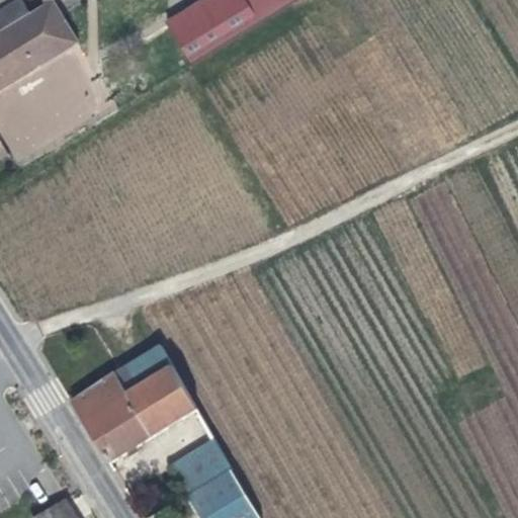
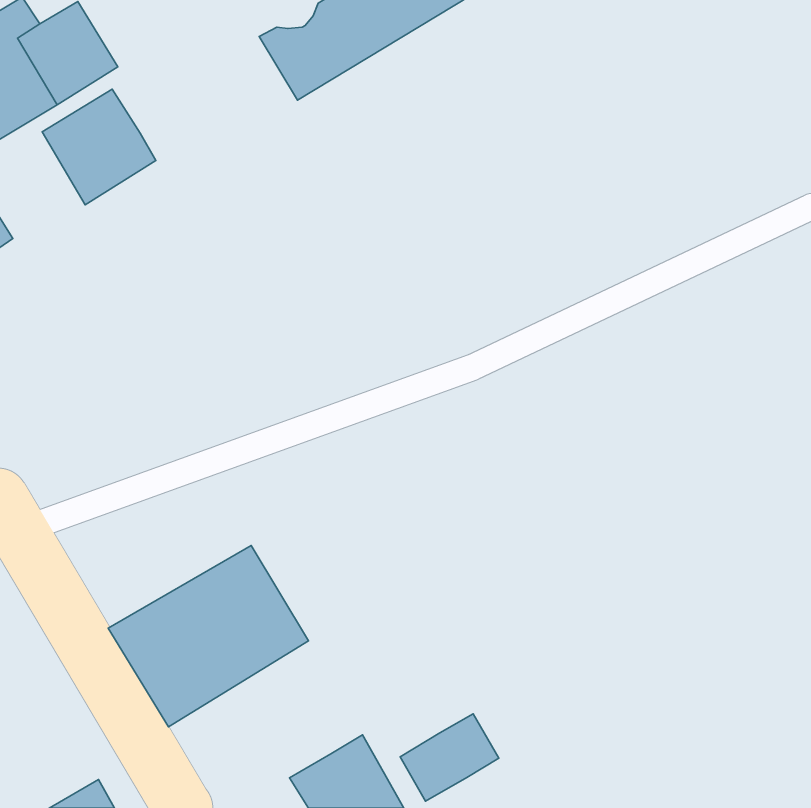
building: none -> [42,89,156,205]
building: [168,439,231,495] -> [400,714,499,801]

